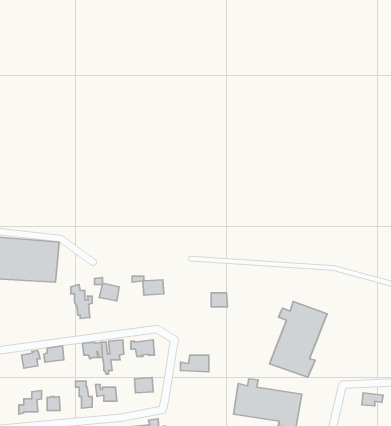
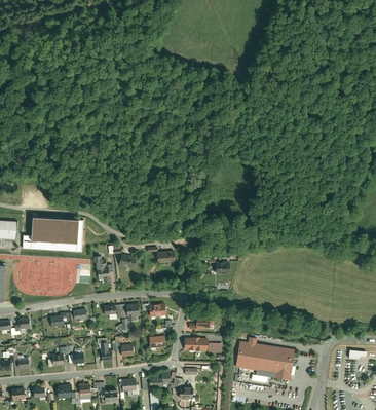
building: [269,301,327,377] -> none
building: none -> [184,337,223,355]

